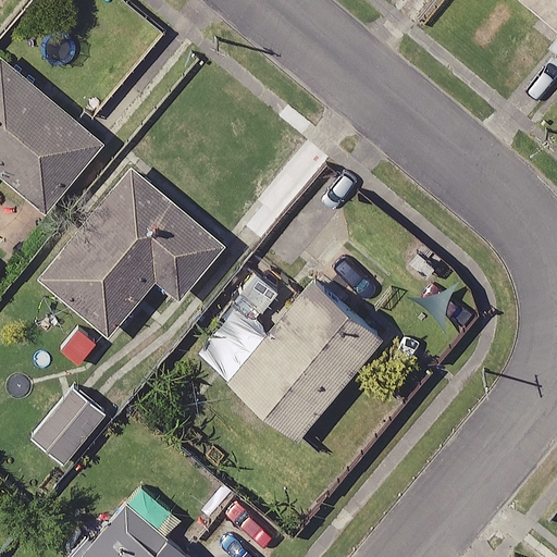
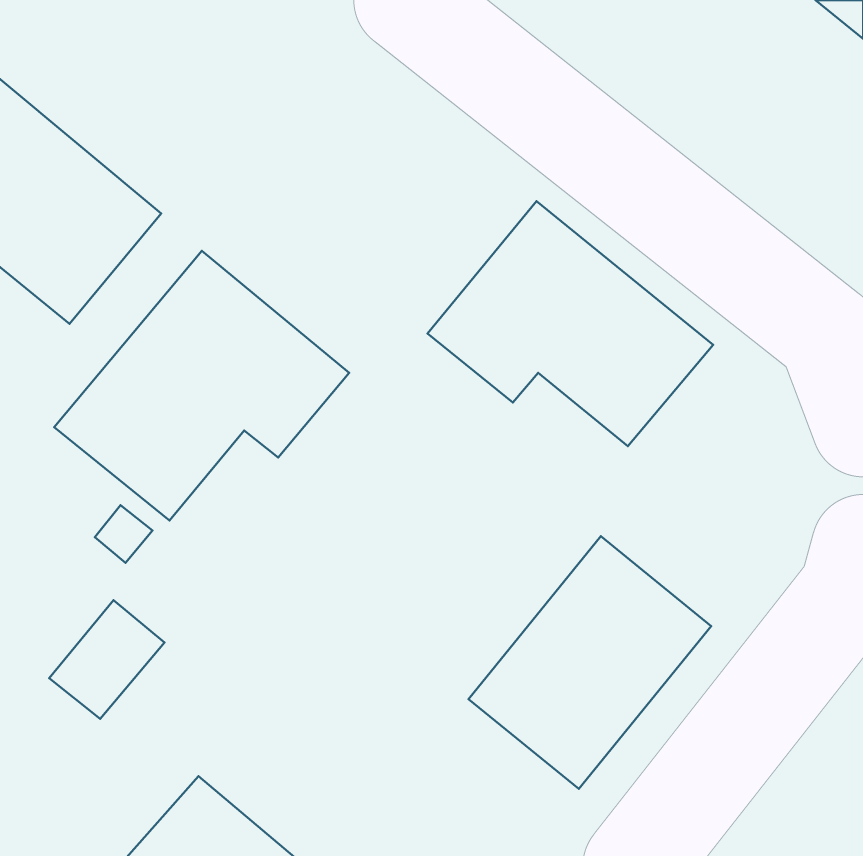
building: none -> [428,201,713,446]
building: [226,280,382,442] -> [469,536,711,789]

